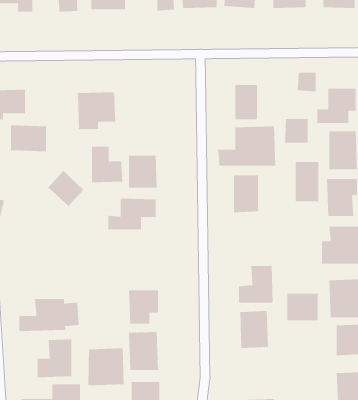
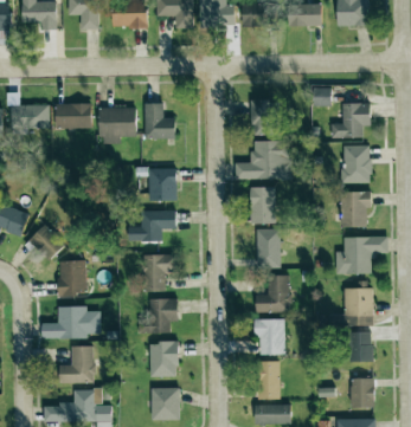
building: [285,118,308,143] -> none
building: [10,125,47,152] -> [56,103,91,129]
building: [91,146,123,183] -> [145,103,175,138]
building: [295,161,319,202] -> [256,228,280,267]
building: [48,170,84,207] -> [30,224,65,259]
building: none -> [142,253,176,291]
building: none -> [58,260,85,296]
building: [287,293,318,321] -> none
building: [88,348,124,386] -> none
building: none -> [257,361,280,399]

